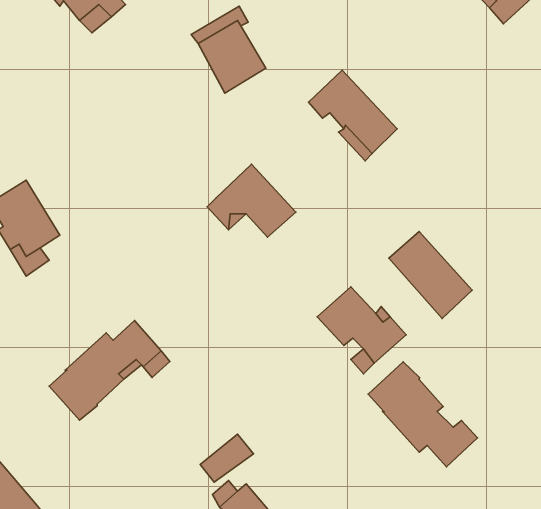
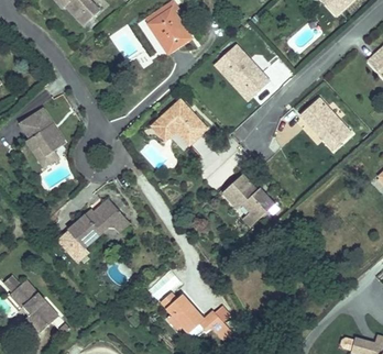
building: [389,232,472,319] -> [300,100,352,154]
building: [368,362,477,467] -> none

